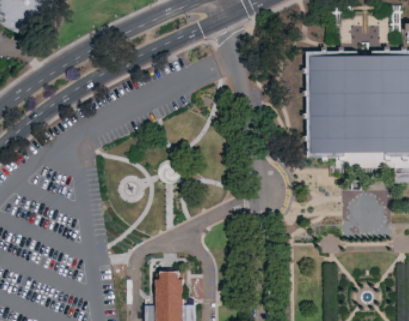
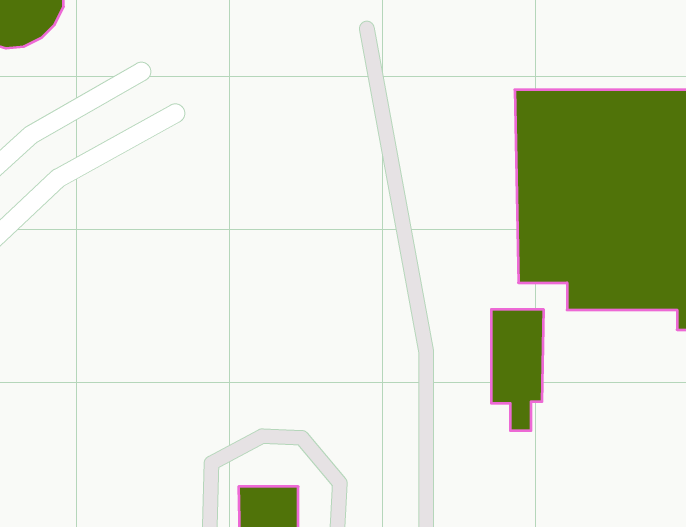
building: none -> [491,309,543,431]

